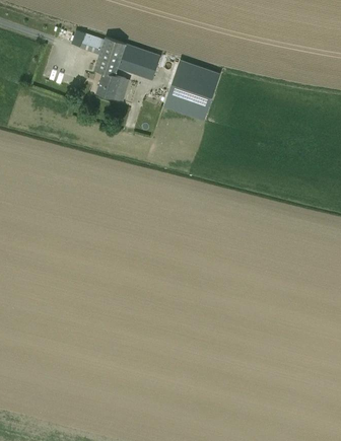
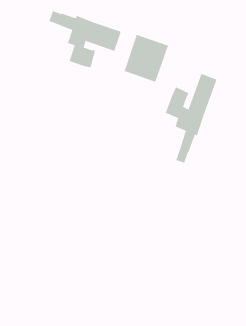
building: none -> [165,73,217,163]

